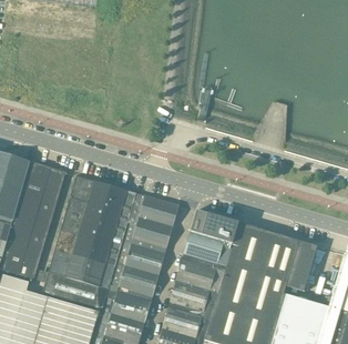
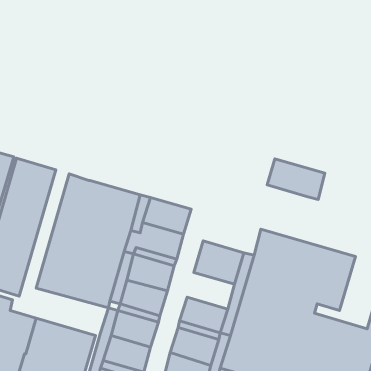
building: [188,209,237,243] -> [267,159,325,199]
building: [175,257,215,289] -> none
building: [35,269,109,308] -> none

